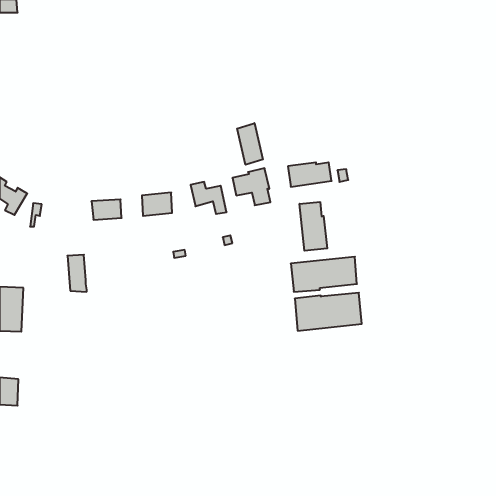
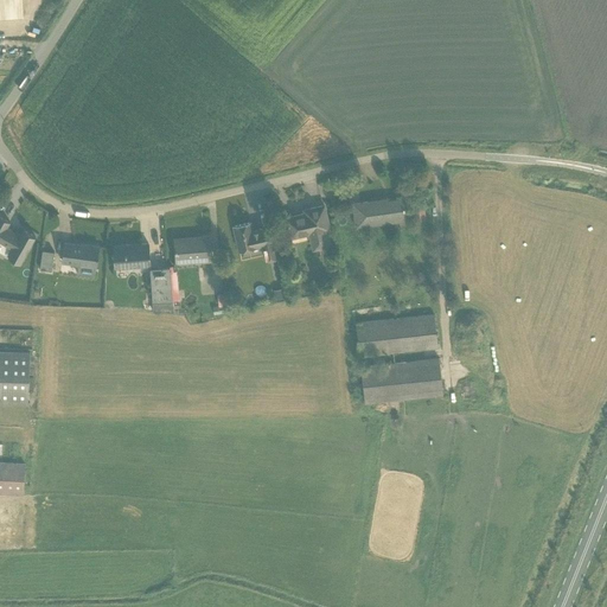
building: [237,123,263,165] -> none
building: none -> [60,243,97,275]
building: [300,202,327,251] -> none
building: [67,255,87,292] -> [148,266,172,311]

